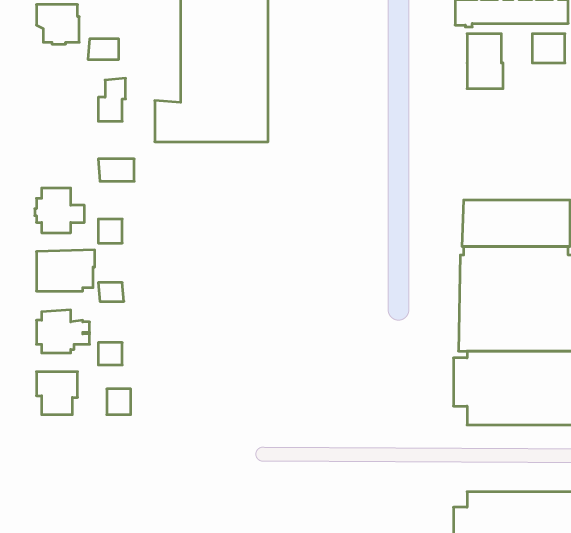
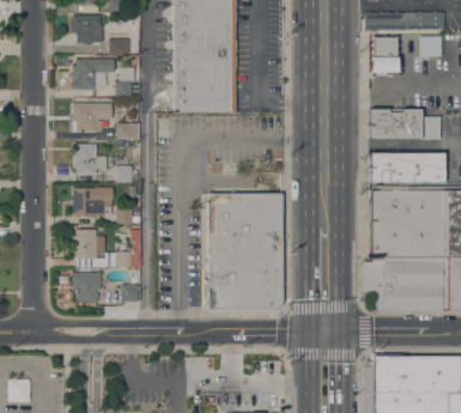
building: none -> [73,59,115,90]
building: none -> [72,103,108,132]
building: none -> [370,108,441,138]
building: none -> [206,193,281,308]

